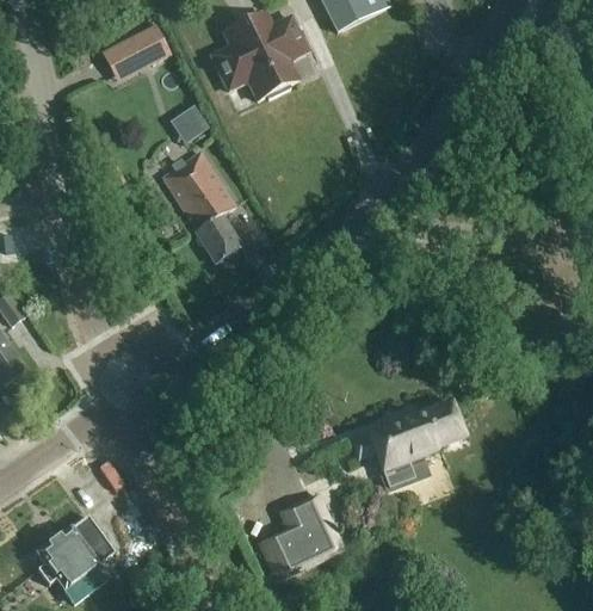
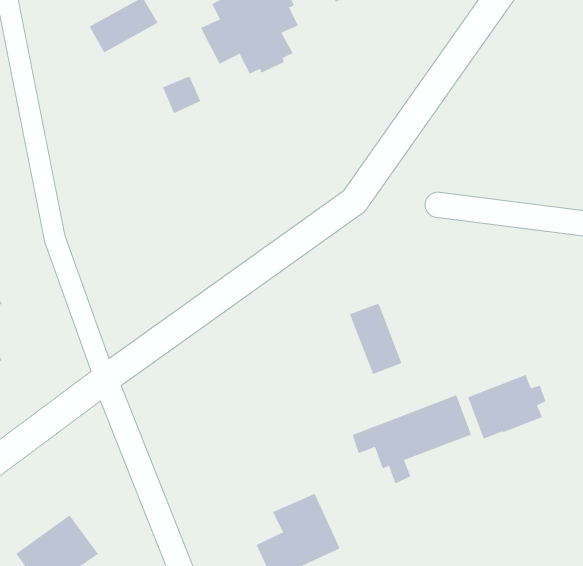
building: [161,148,241,263] -> none
building: none -> [349,303,402,375]
building: none -> [468,374,546,439]

